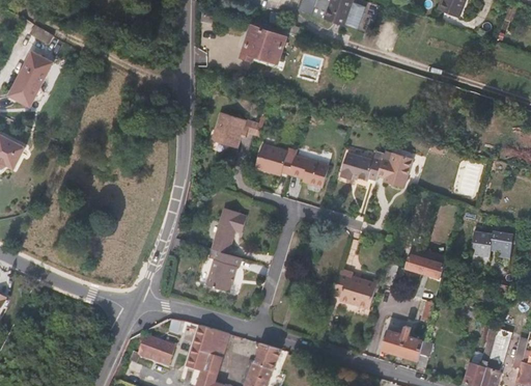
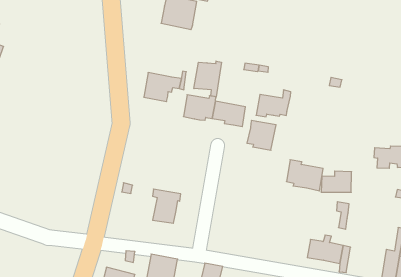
building: none -> [194,61,221,97]
building: [376,149,413,187] -> [247,120,276,150]
building: [211,206,247,253] -> none
building: [332,268,376,308] -> [286,160,323,191]

